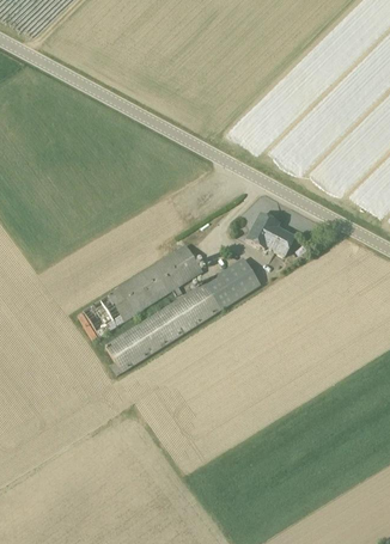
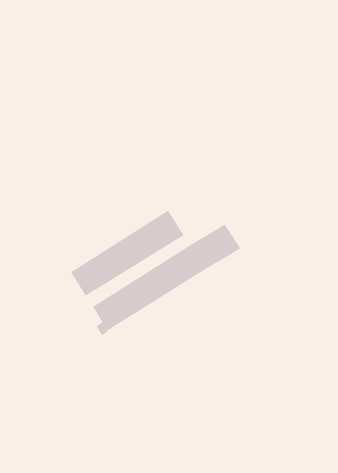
building: [246,213,295,258] -> none

